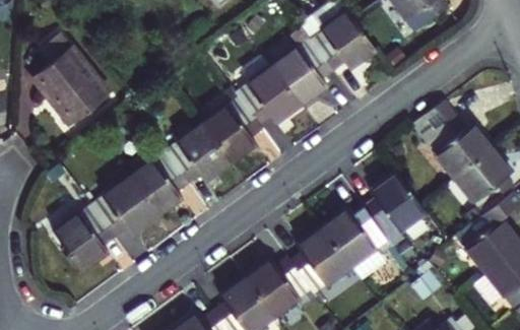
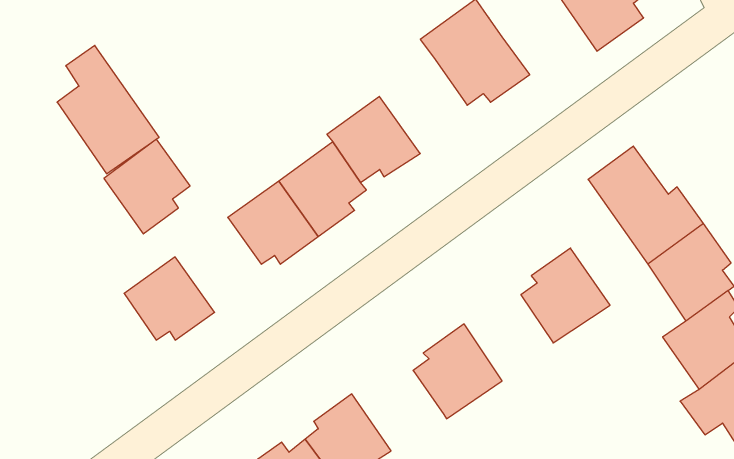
building: [266,42,327,109] -> none
building: [124,153,184,219] -> [104,139,190,234]
building: [49,206,111,274] -> none
building: [325,207,392,279] -> none
building: [247,256,311,316] -> none

